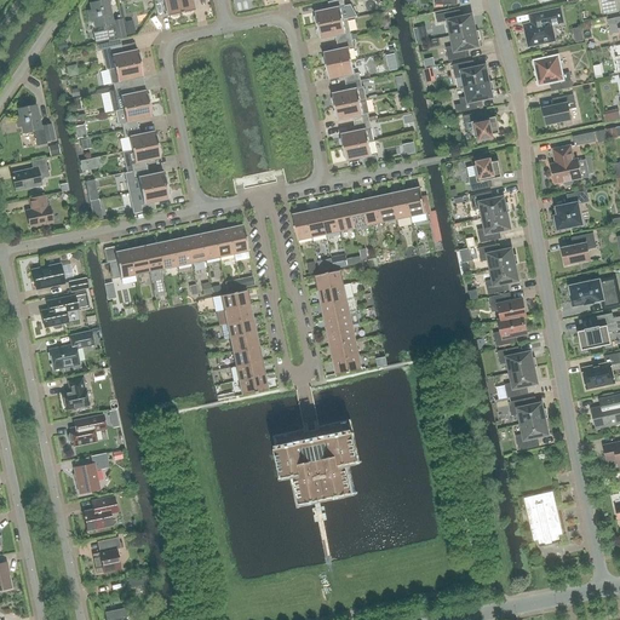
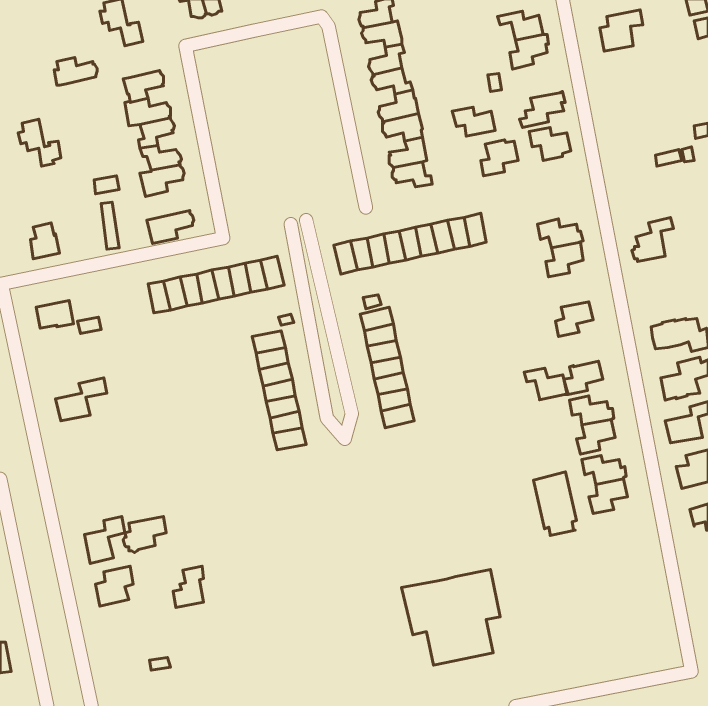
building: [103,45,140,69] -> [54,57,97,85]
building: [533,54,572,90] -> none
building: [452,61,489,86] -> [452,107,495,136]
building: [542,93,575,124] -> none
building: [550,145,581,185] -> none
building: [11,157,48,190] -> none
building: [469,159,501,190] -> [481,140,518,176]
building: [125,167,167,193] -> none
building: [562,232,596,264] -> none
building: [478,243,517,269] -> none
building: [108,248,136,283] -> none
building: [40,292,88,328] -> none
building: [488,293,526,321] -> [524,368,567,400]
building: [62,378,88,409] -> none
building: [68,414,105,446] -> [123,516,166,552]
building: [272,419,358,503] -> [402,570,500,665]
building: [524,490,562,546] -> [533,472,576,536]
building: [93,536,120,573] -> [173,566,204,608]

